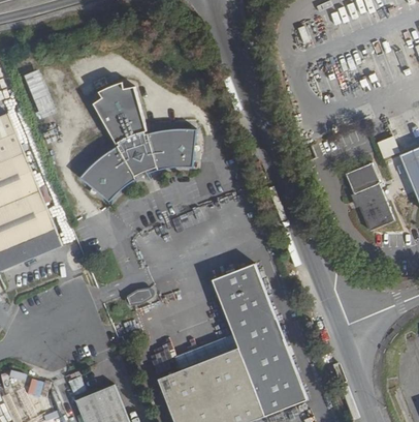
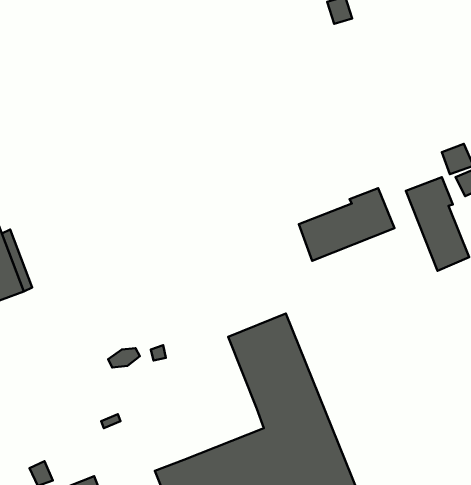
building: [79,78,197,199] -> none
building: none -> [299,188,394,261]
building: [174,335,239,373] -> none

